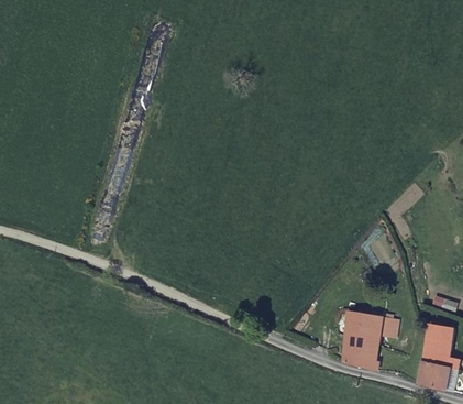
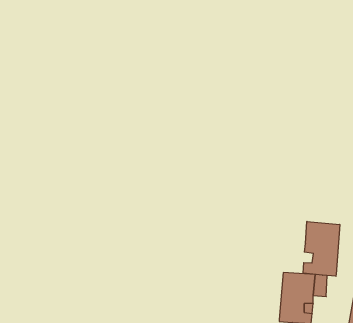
building: none -> [303,221,340,276]

